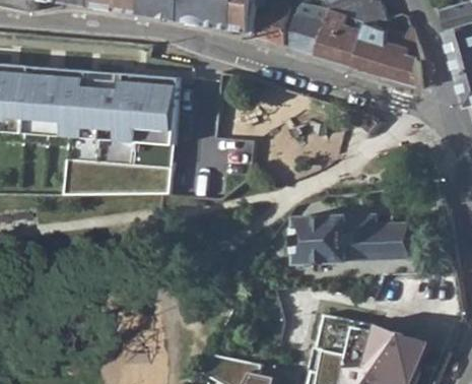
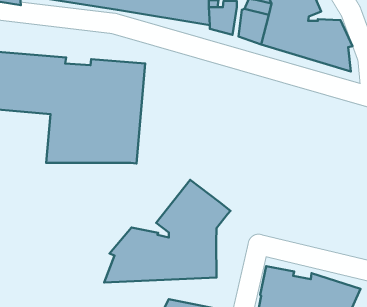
building: [295,212,410,262] -> none
building: none -> [104,180,231,282]

